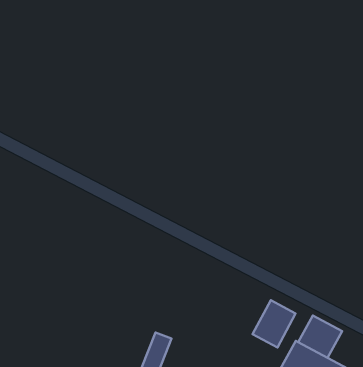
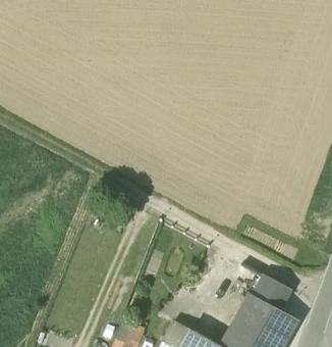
building: [253,300,296,347] -> none

